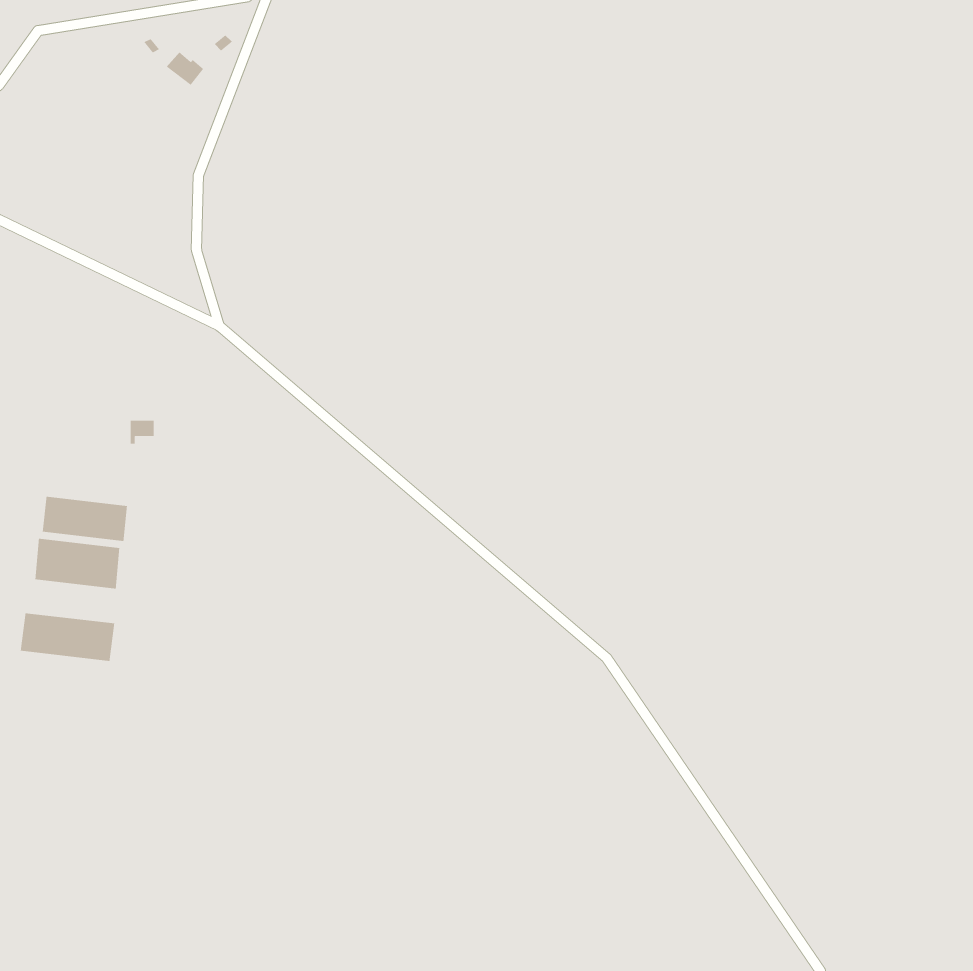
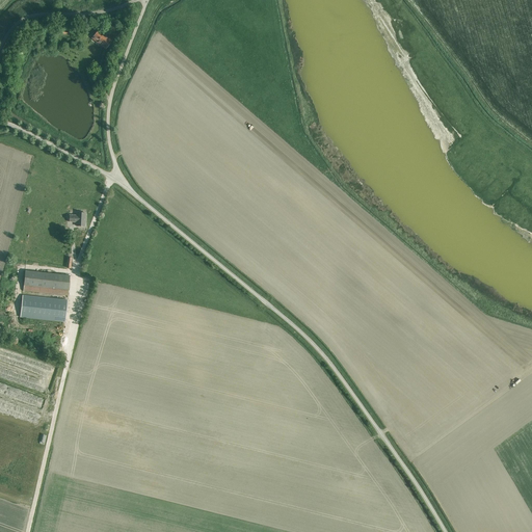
building: [20,612,115,662] -> none

